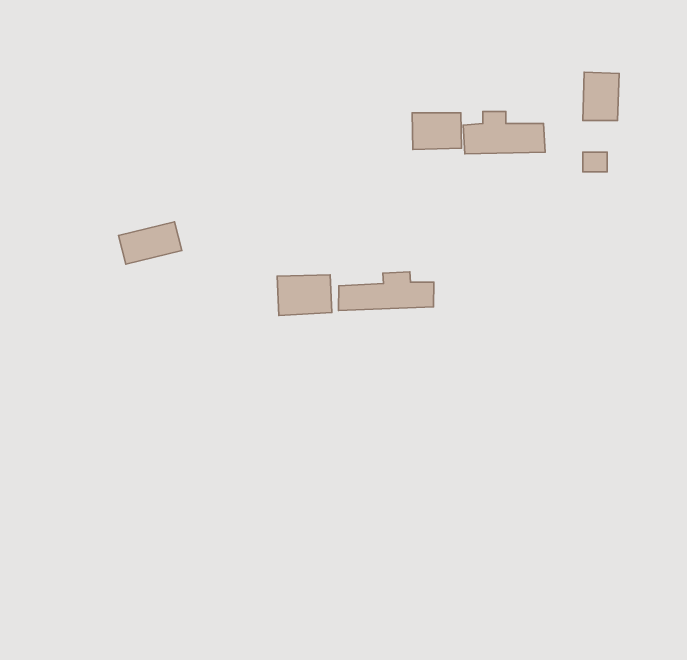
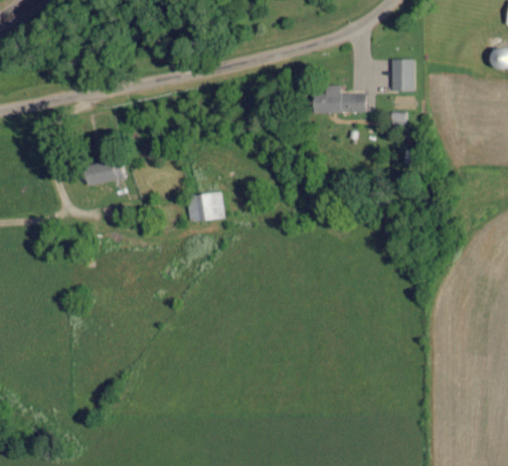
building: [412,113,461,150] -> none
building: [338,272,434,311] -> none

